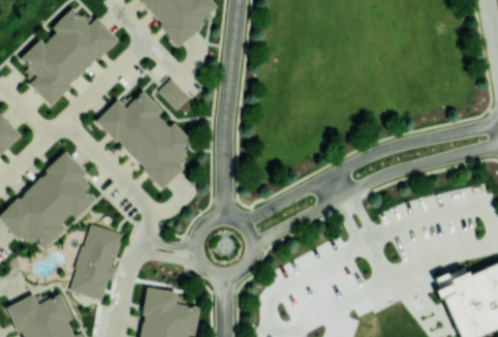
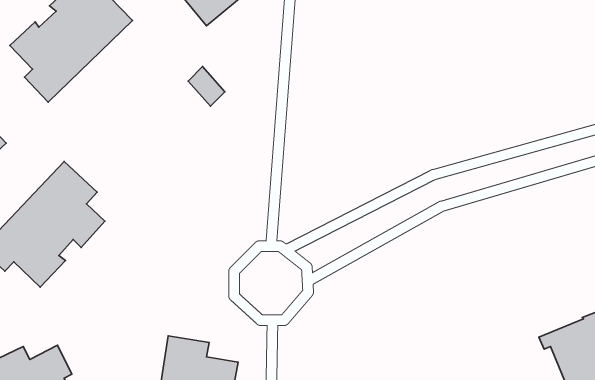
building: [98,92,192,185] -> none
building: [71,224,121,299] -> none

